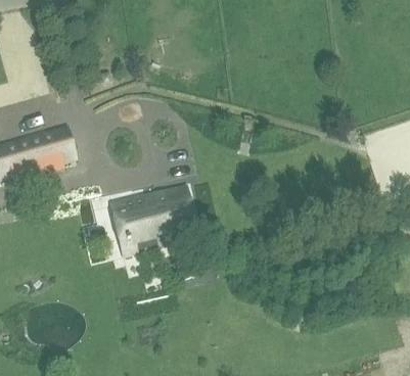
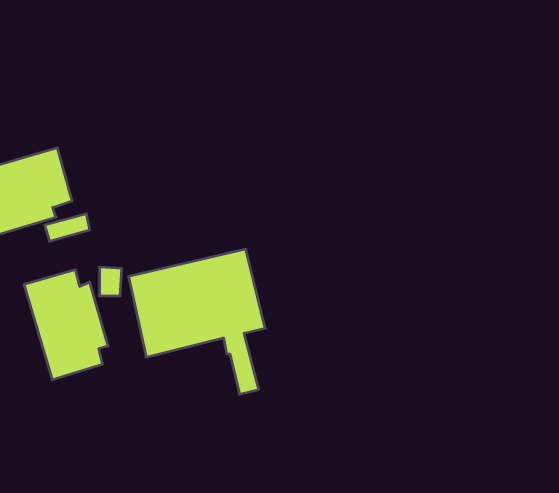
building: none -> [24,270,108,380]

